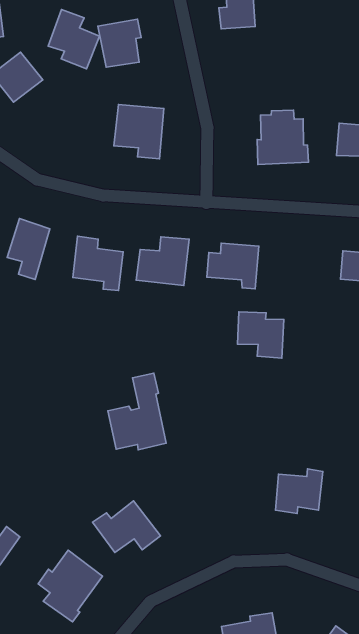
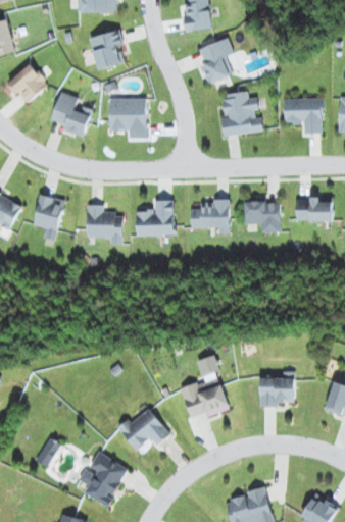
building: [48,9,100,69] -> [51,91,91,136]
building: none -> [198,38,232,84]
building: [237,312,284,358] -> [243,198,280,232]
building: [108,373,166,450] -> [180,355,228,417]

